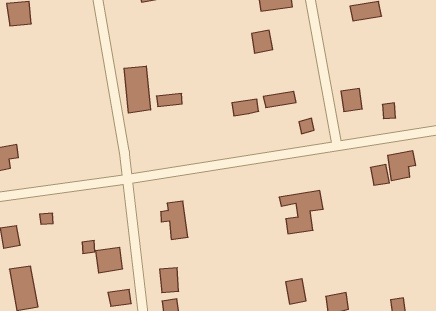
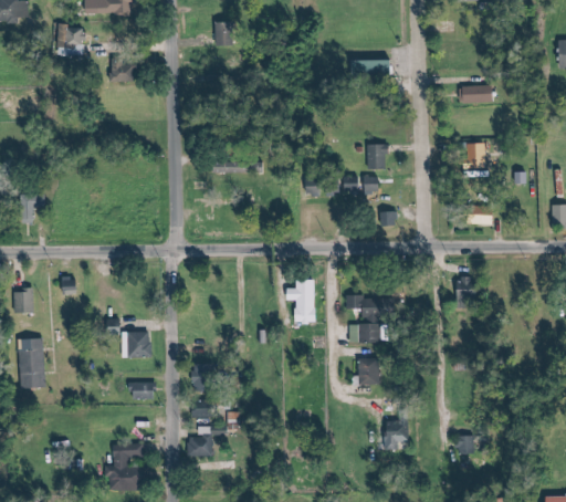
building: none -> [109,62,135,83]
building: [252,30,273,53] -> [366,145,388,169]
building: [124,66,151,113] -> none
building: [341,89,362,111] -> [463,144,485,168]
building: [388,151,415,181] -> none
building: [161,201,188,239] -> [286,280,315,323]
building: [286,279,306,304] -> [358,358,379,386]

